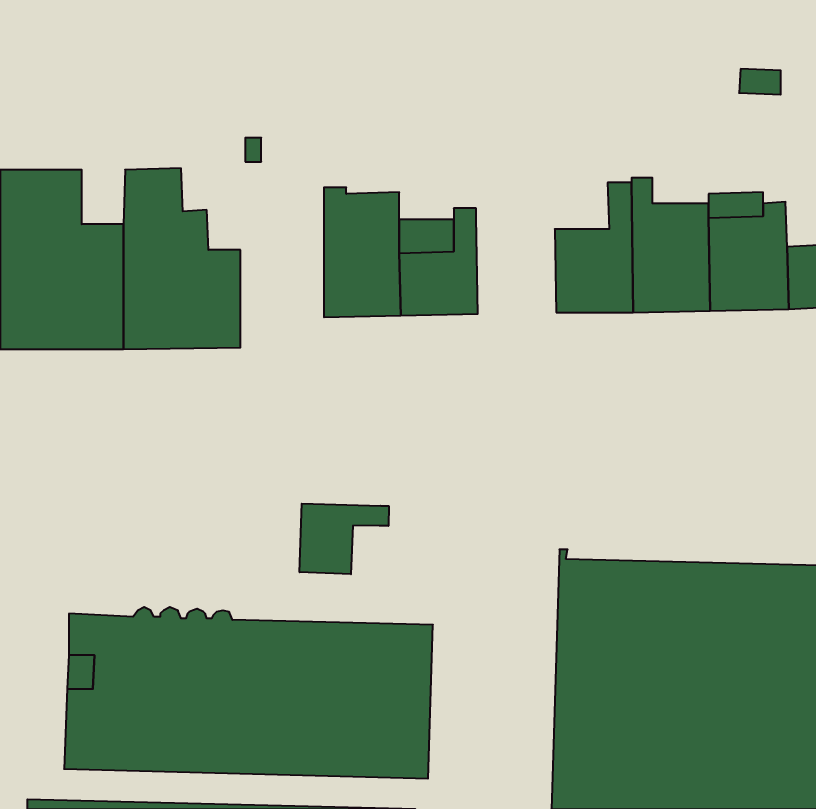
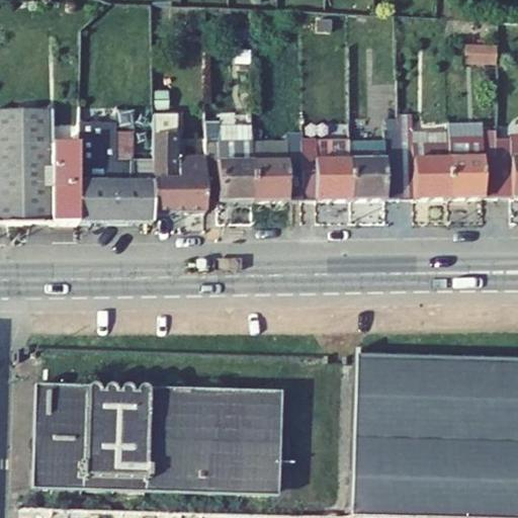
building: none -> [154,111,206,209]
building: none -> [303,138,353,198]
building: [300,504,389,574] -> none

